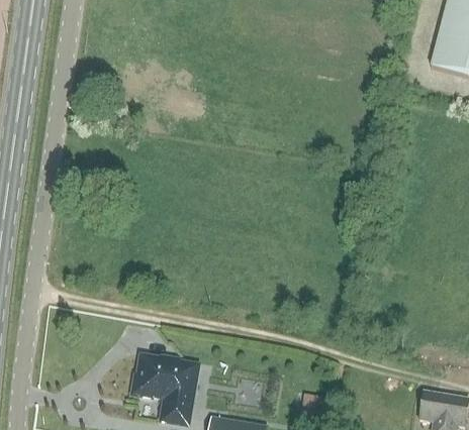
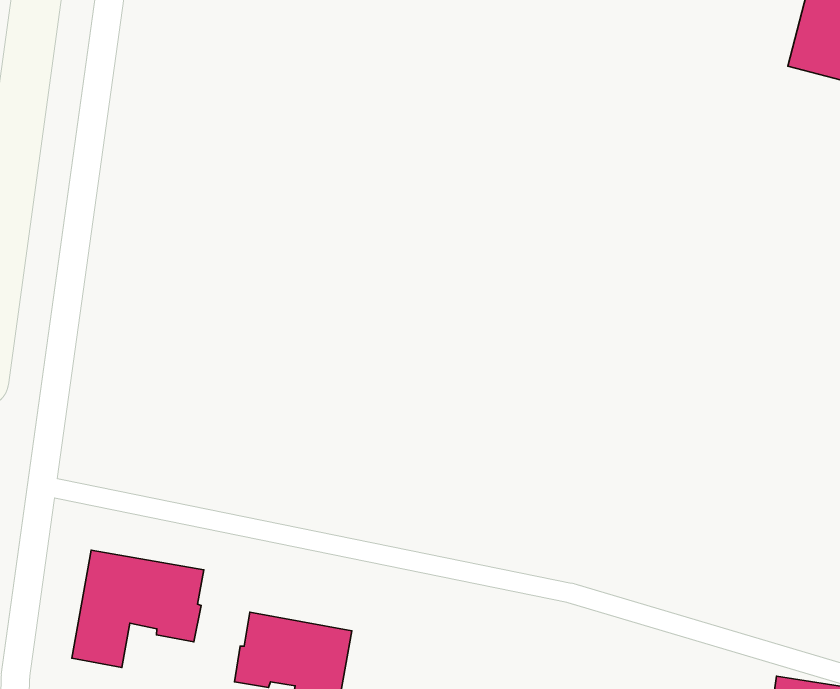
building: none -> [72,550,204,667]

